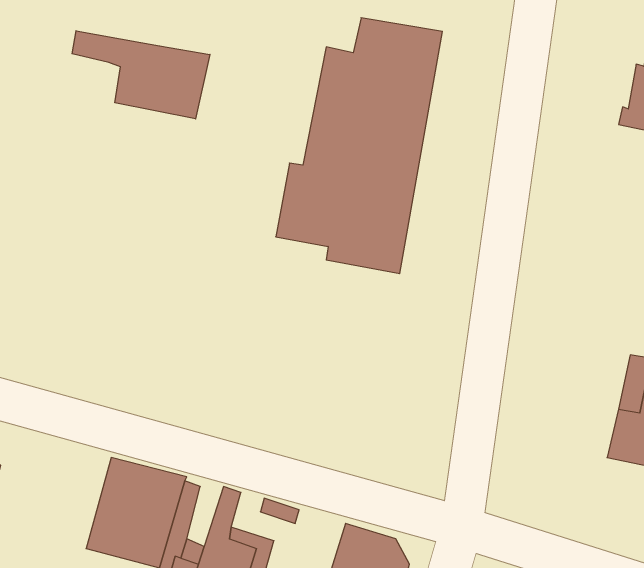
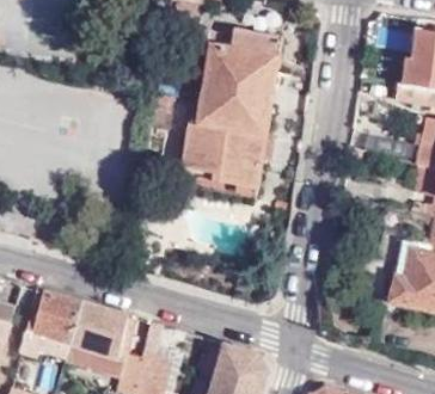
building: [72,31,210,119] -> none
building: none -> [17,291,80,361]

